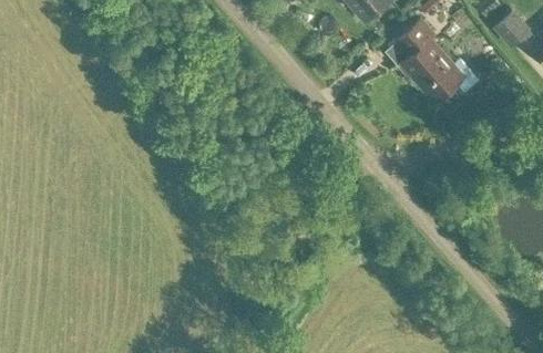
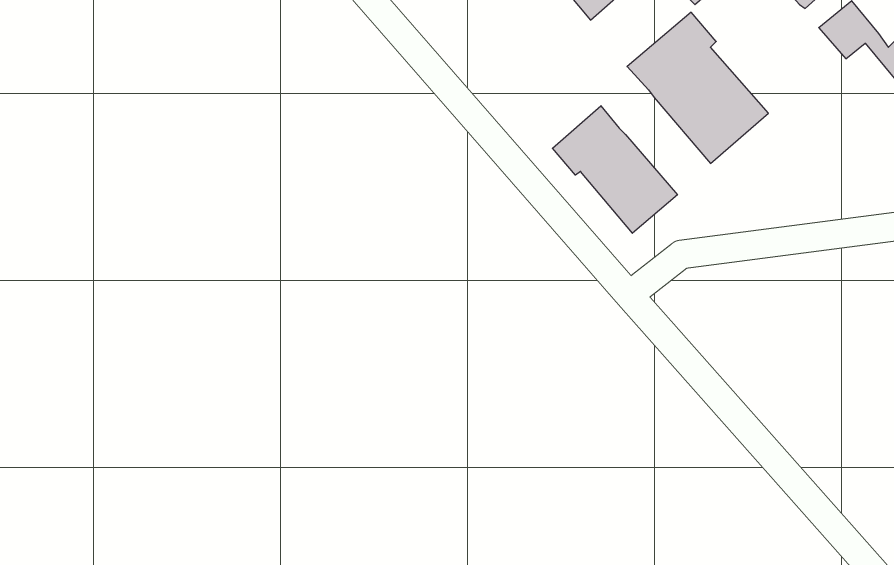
building: none -> [552,106,677,233]

